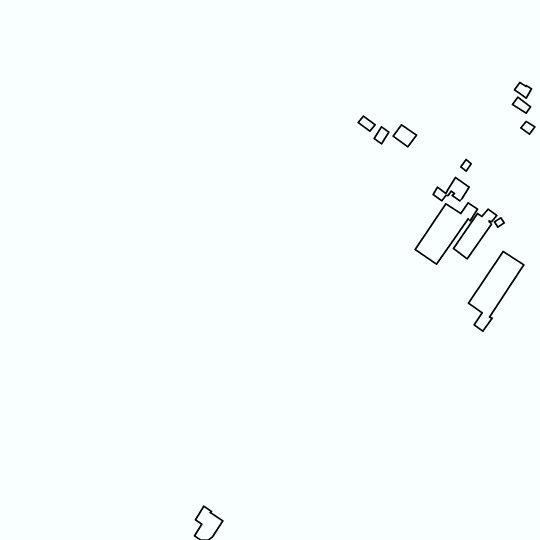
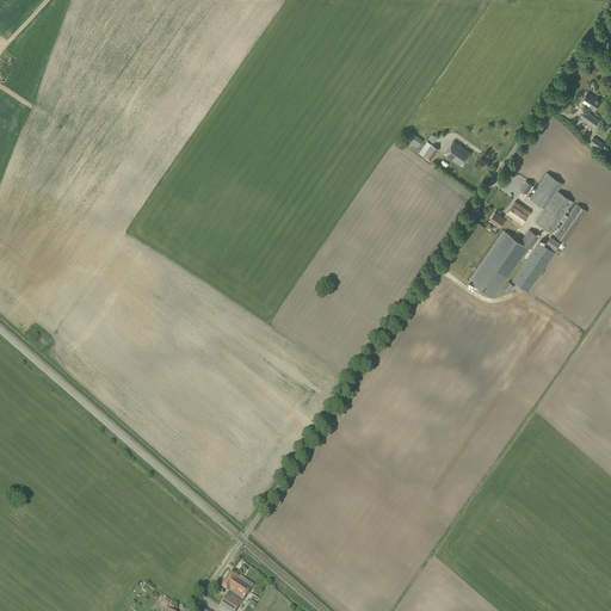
building: none -> [530,173,587,242]
building: [469,252,524,331] -> none

